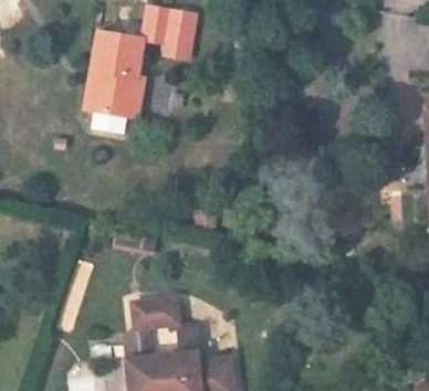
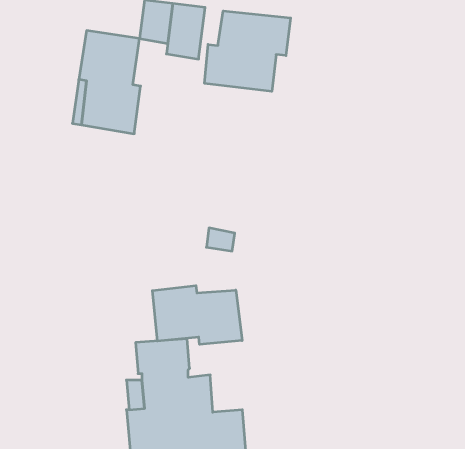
building: none -> [205,11,291,91]
building: none -> [152,286,242,344]

